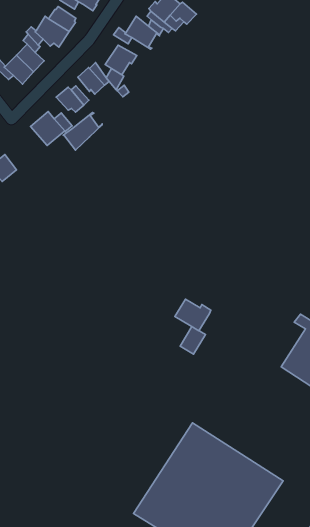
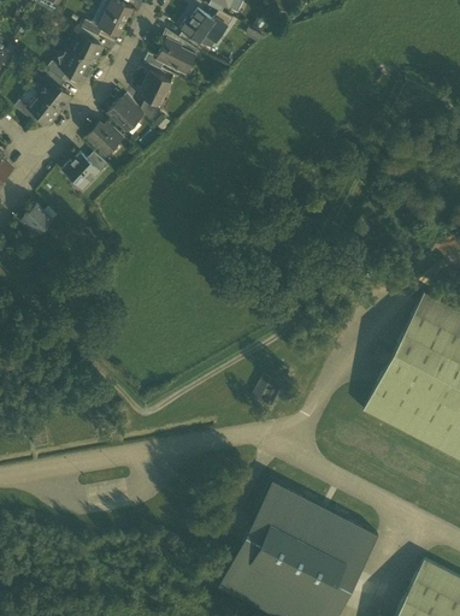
building: [63,112,102,150] -> none
building: [175,299,211,331] -> none

